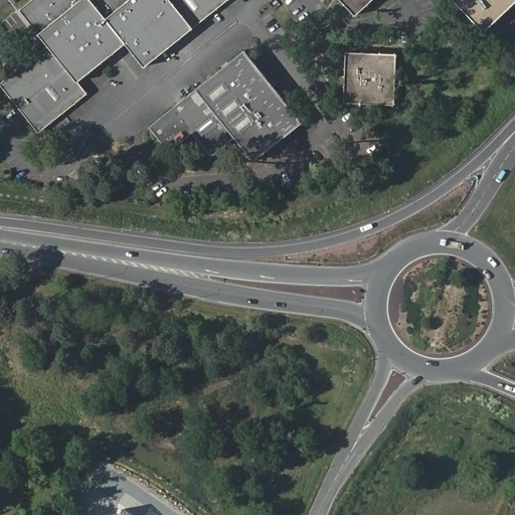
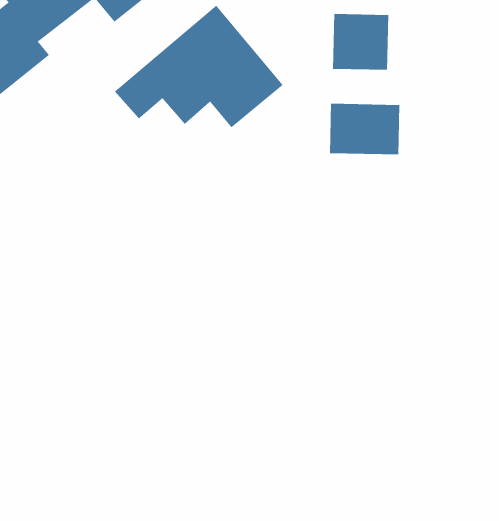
building: none -> [330,103,400,155]

